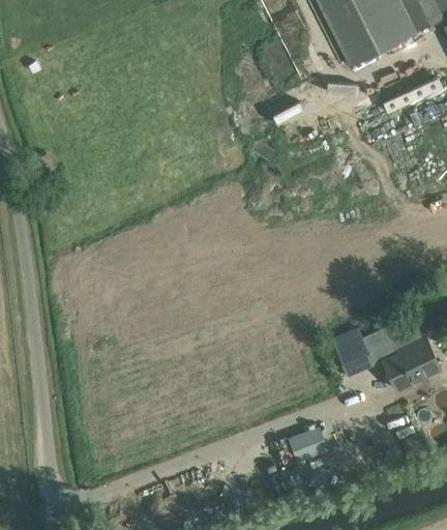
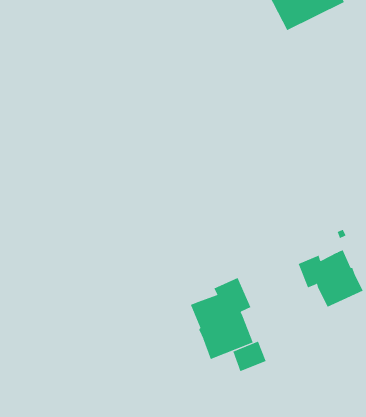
building: [334,330,376,378] -> none
building: none -> [190,277,253,360]

